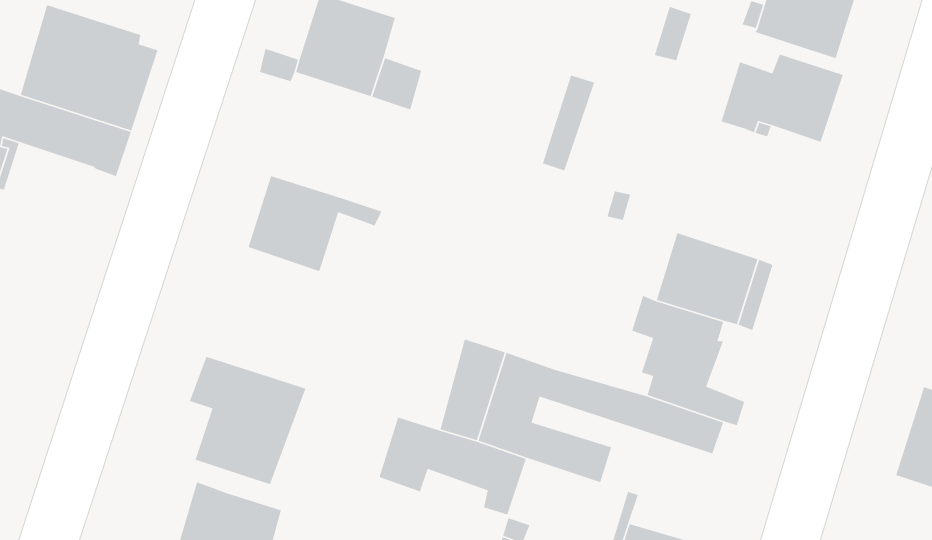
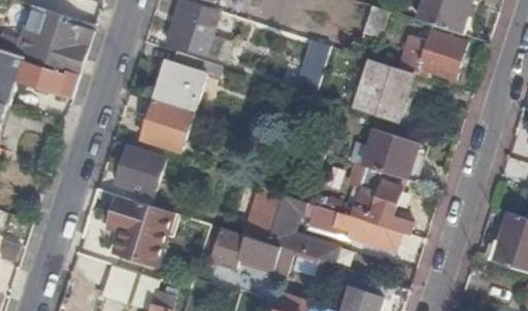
building: none -> [153,51,223,110]
building: none -> [354,61,410,123]
building: none -> [116,147,163,195]

